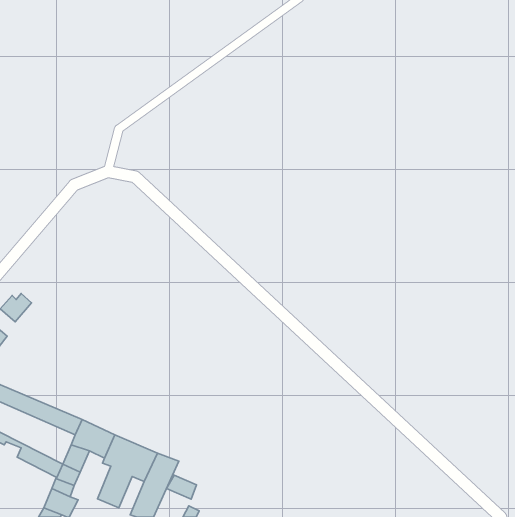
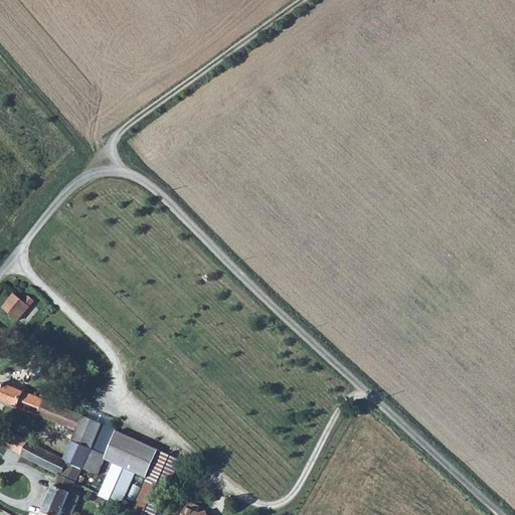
building: none -> [79,447,104,474]
building: [166,475,196,499] -> none

